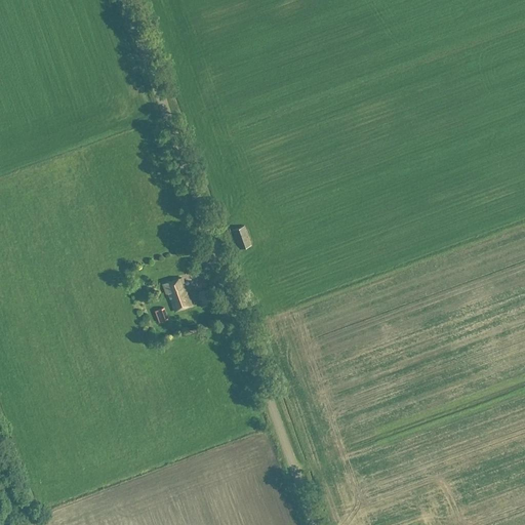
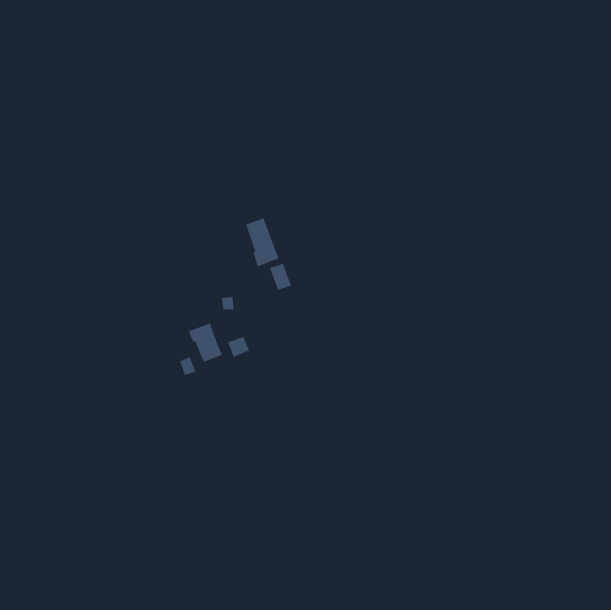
building: none -> [246,218,279,267]

